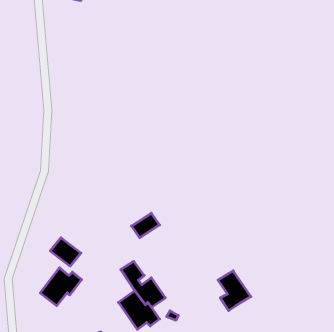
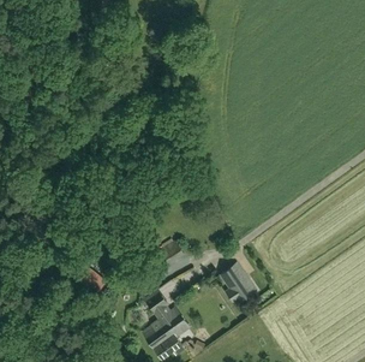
building: [40,268,82,306] -> none
building: [218,271,251,311] -> [221,262,255,303]

